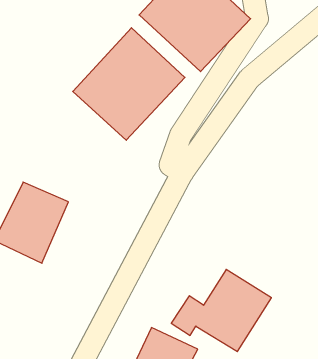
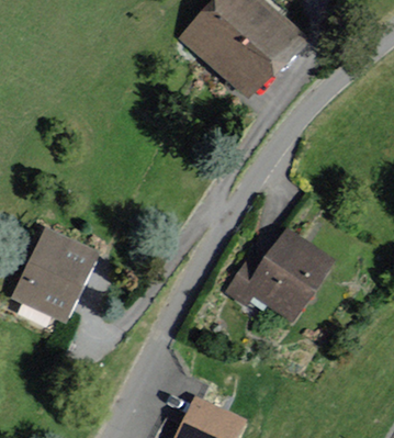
building: [73,28,185,140] -> none
building: [171,269,271,352] -> [226,227,342,323]

